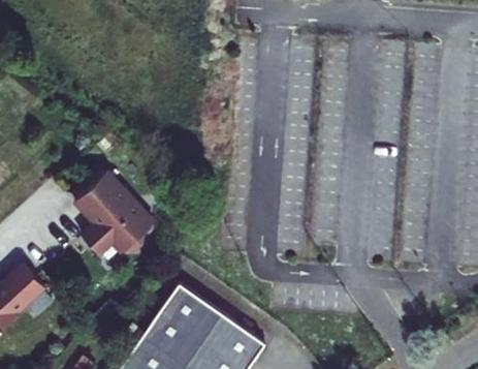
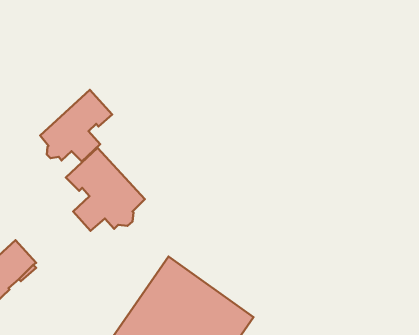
building: none -> [40,90,112,161]

